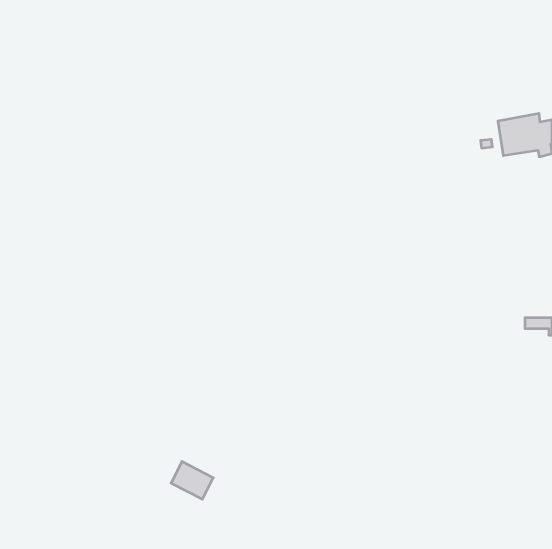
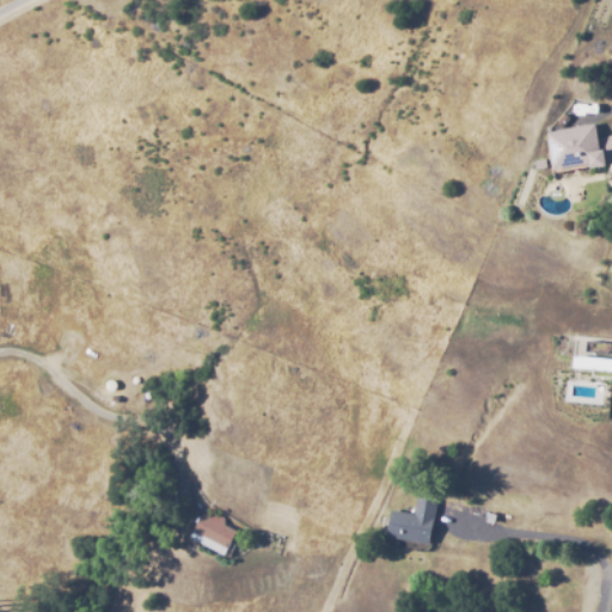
building: none -> [385,492,437,540]

